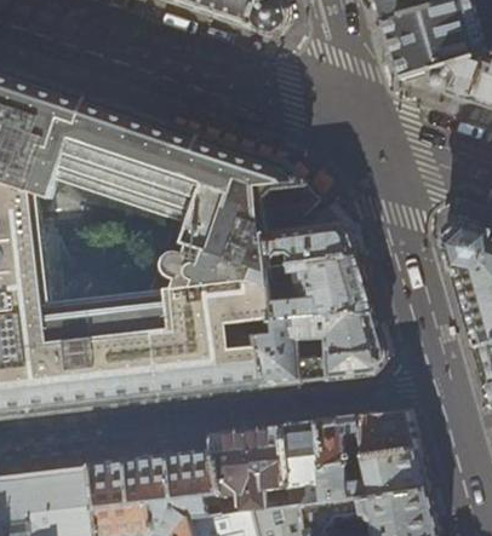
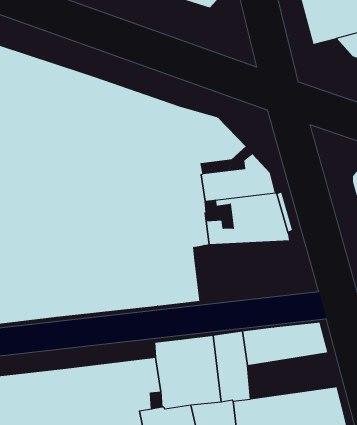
building: [257,313,384,386] -> none
building: [320,448,428,503] -> none

